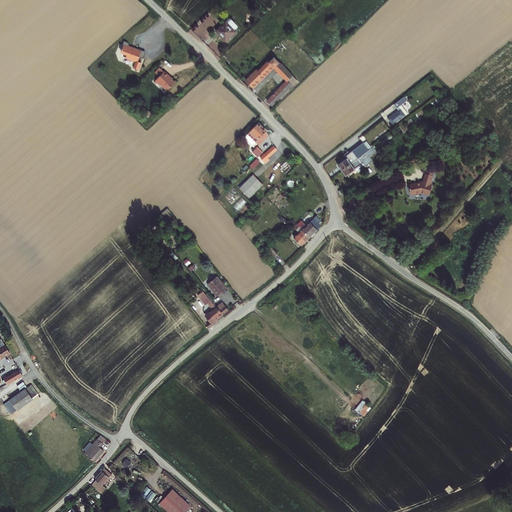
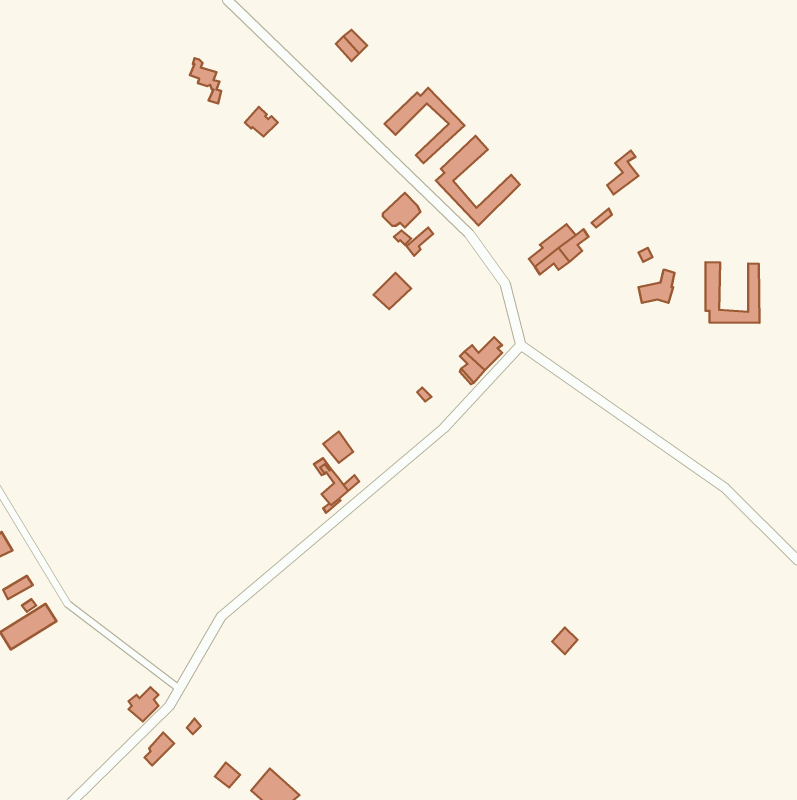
building: none -> [436,136,520,226]
building: none -> [705,262,760,323]

